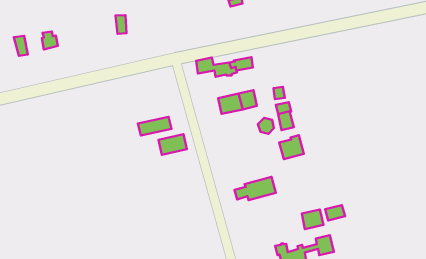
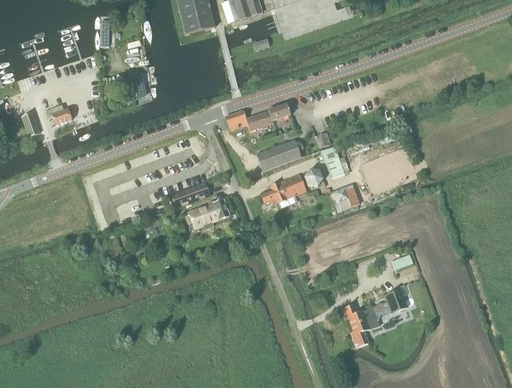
building: [235,177,276,200] -> [261,173,307,203]
building: [302,210,323,229] -> none

